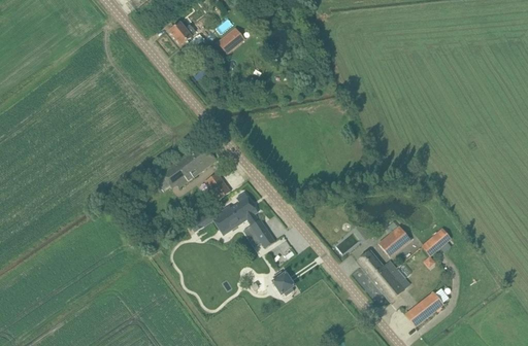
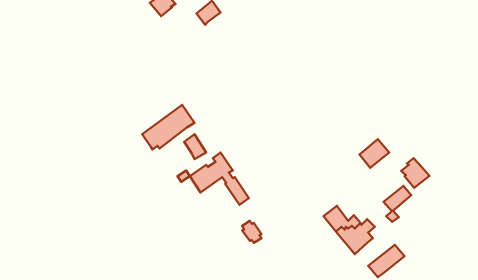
building: none -> [401,158,430,188]
building: [378,227,410,257] -> [360,139,389,168]

